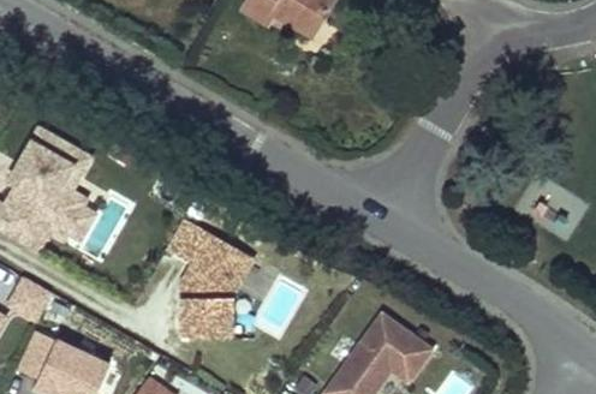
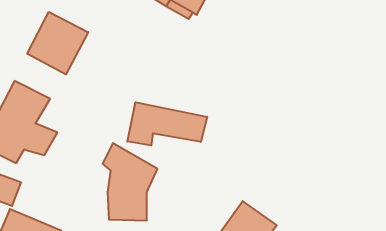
building: none -> [27,12,88,74]
building: none -> [127,102,207,146]

